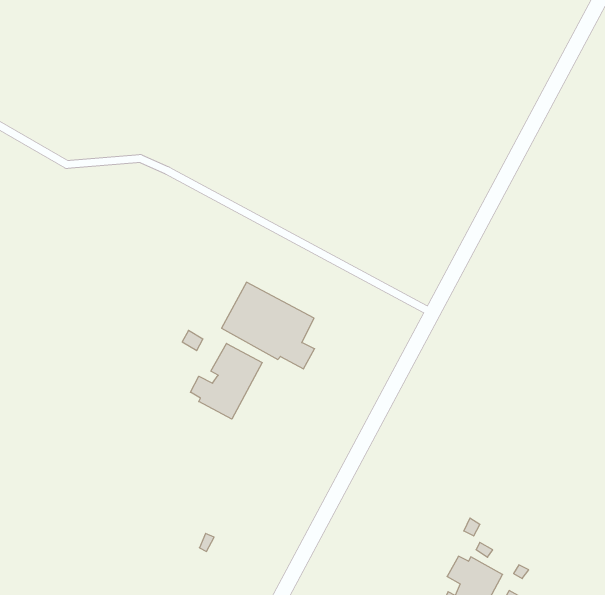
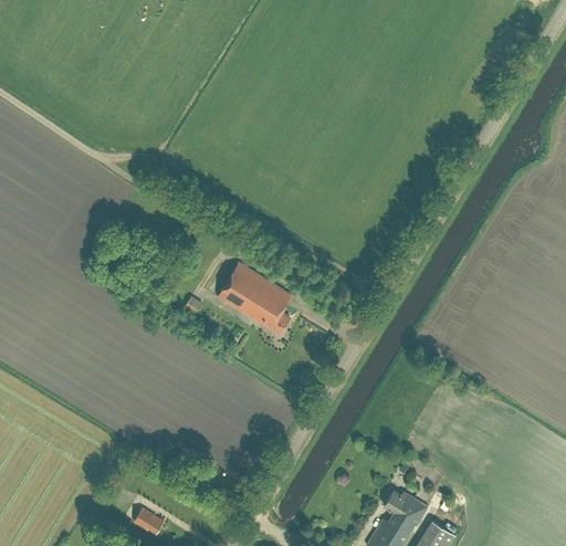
building: [190,343,262,419] -> none

